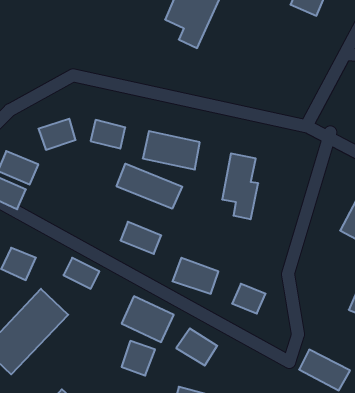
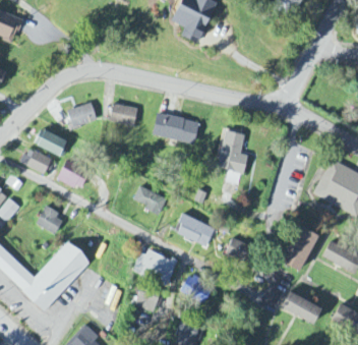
building: [117,164,182,209] -> none
building: [63,258,99,289] -> [57,164,86,189]
building: none -> [282,227,316,272]

